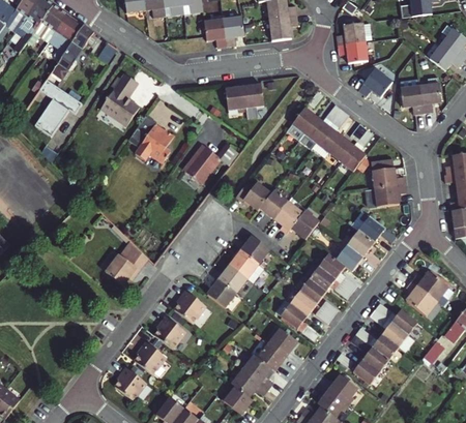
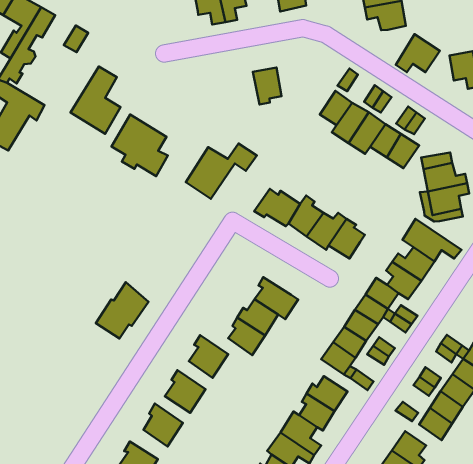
building: [225,87,246,114] -> none
building: [239,236,270,263] -> none

